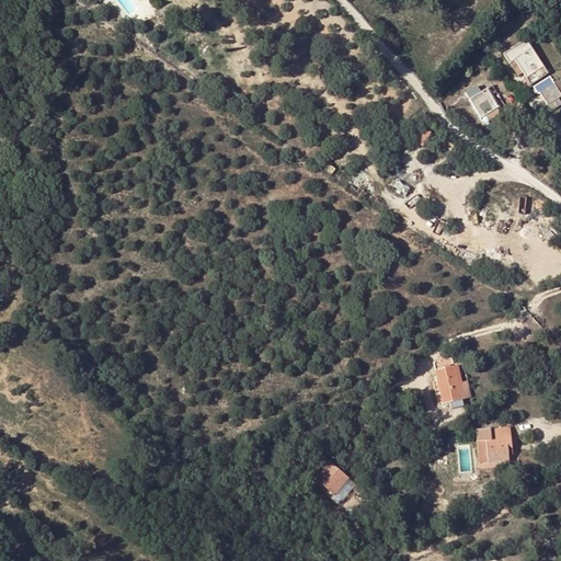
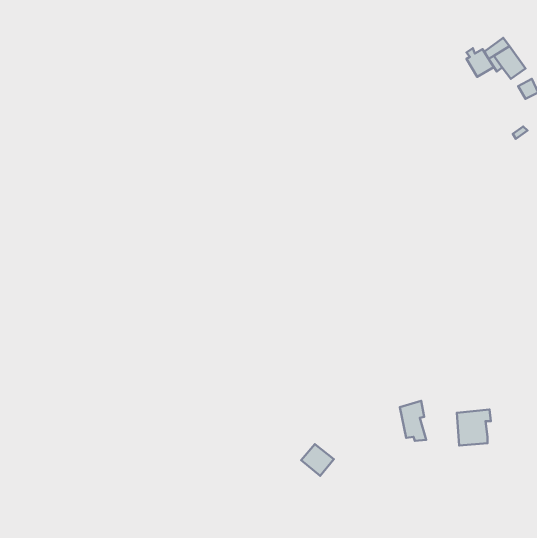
building: [470,87,499,116] -> [467,48,494,77]
building: [436,365,463,407] -> [400,401,426,441]

